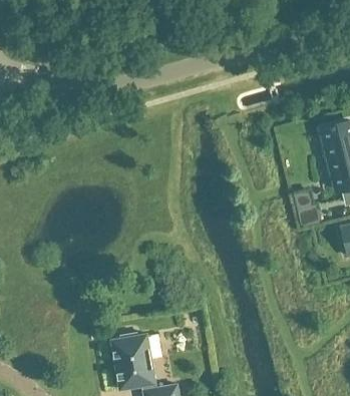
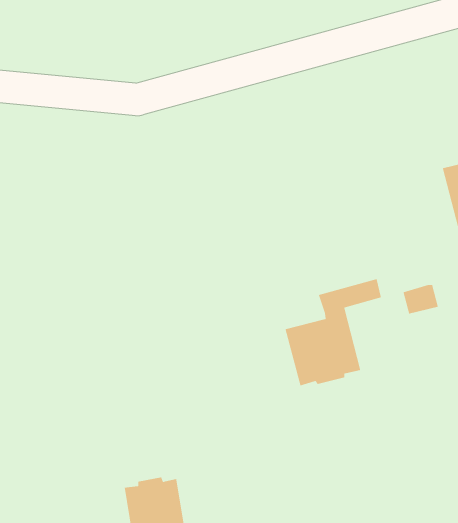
building: none -> [284,278,382,386]

